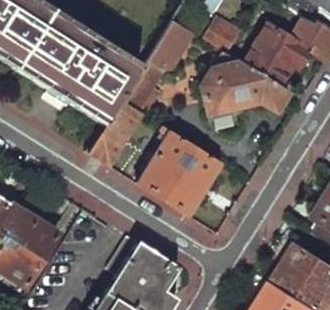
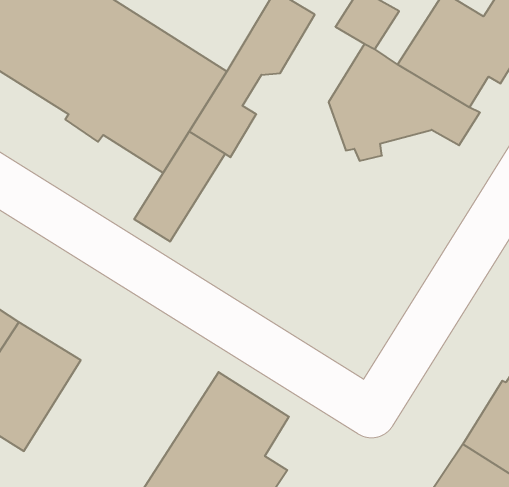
building: [139,128,223,216] -> none

